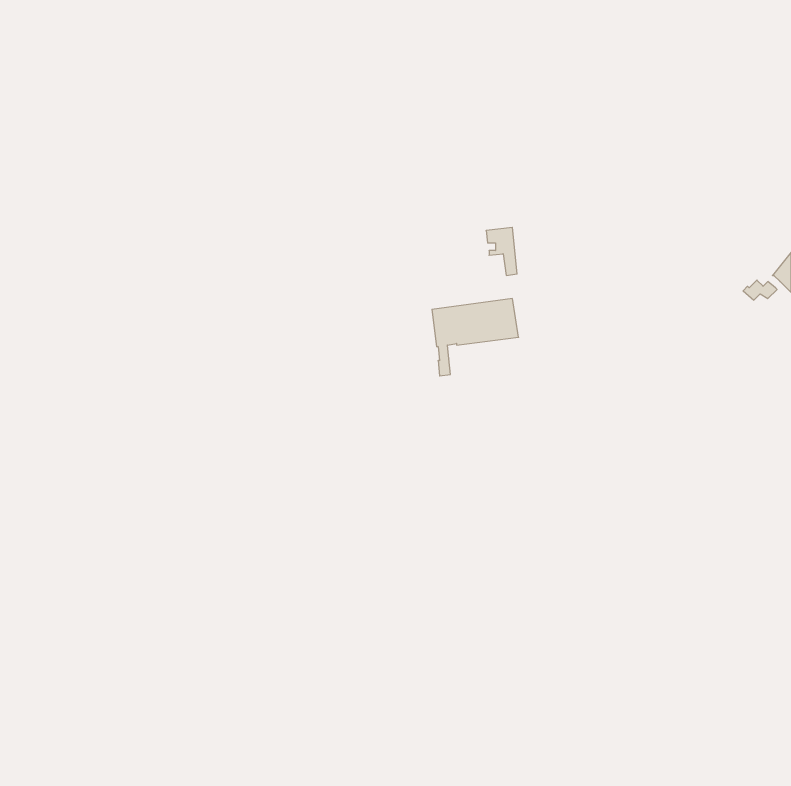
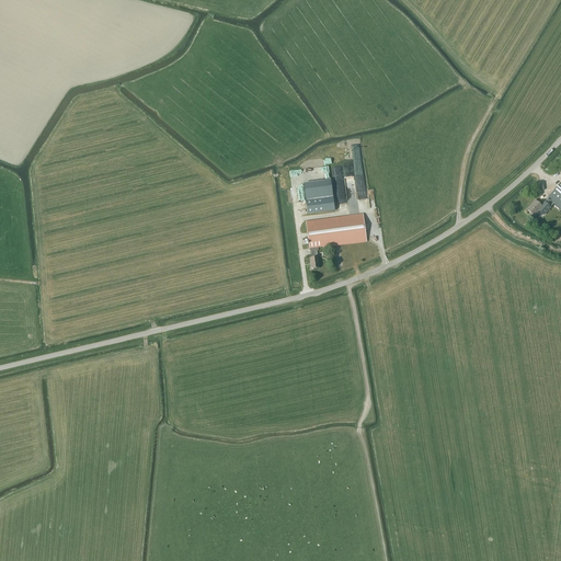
building: none -> [304,179,334,211]

